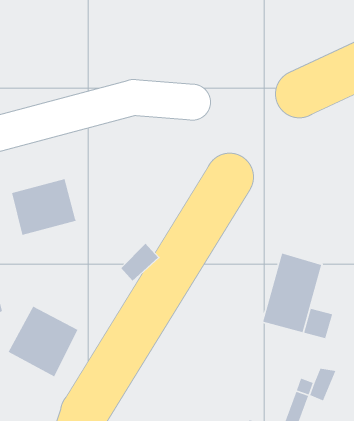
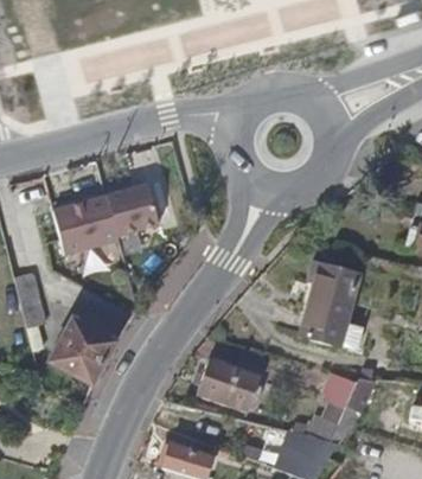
building: none -> [105,179,155,230]
building: none -> [200,360,262,411]

